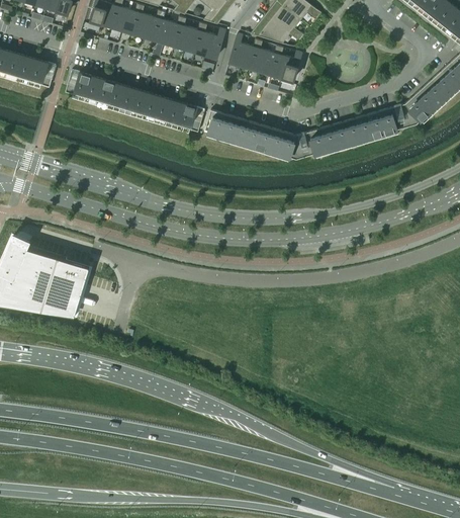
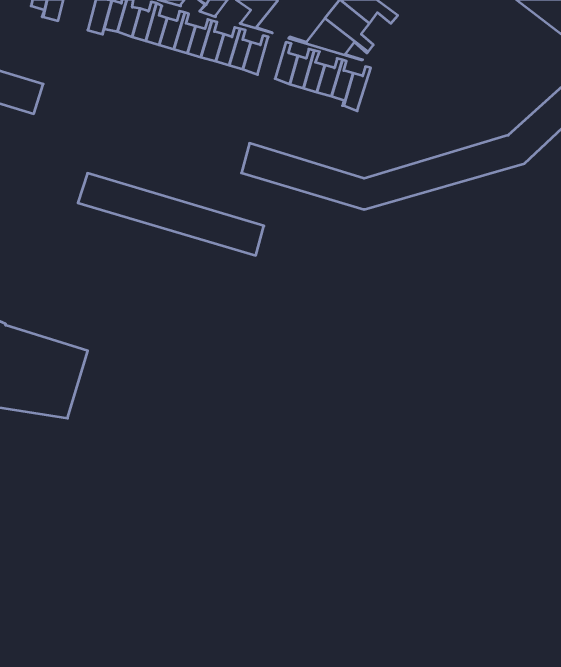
building: [66,72,205,134] -> [78,173,264,255]

